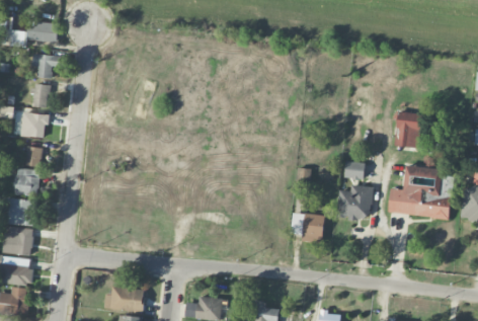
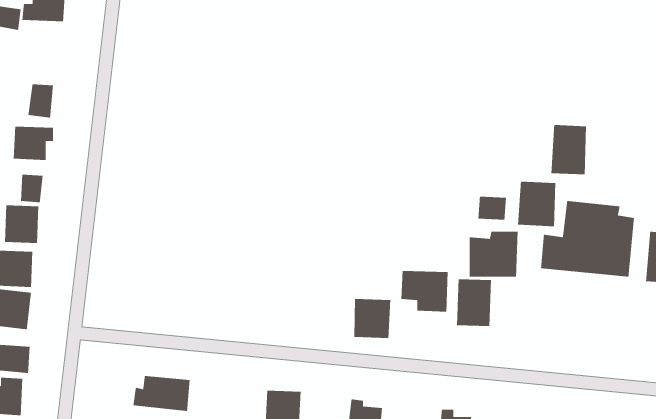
building: [31,55,59,78] -> none
building: none -> [517,181,556,227]
building: none -> [456,278,492,327]
building: none -> [354,298,391,339]

